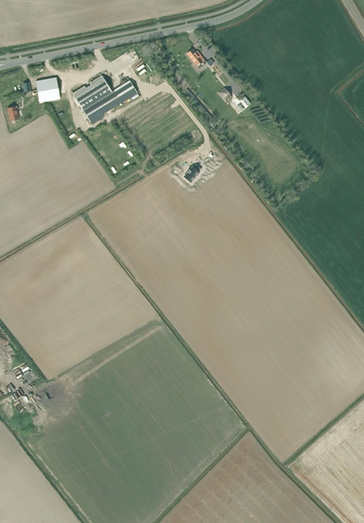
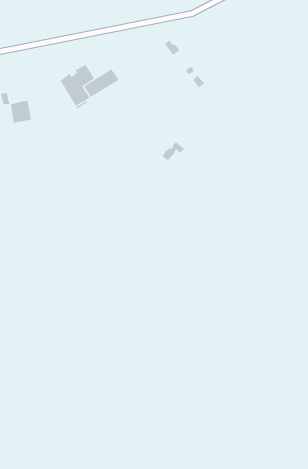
building: [36,78,59,103] -> [10,100,32,124]

